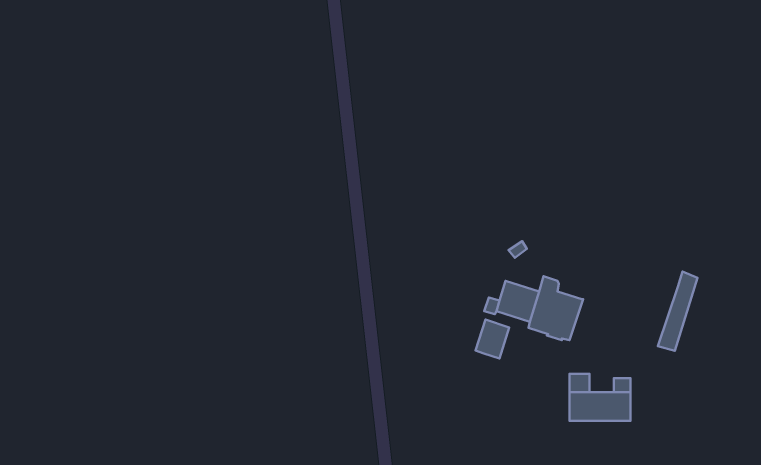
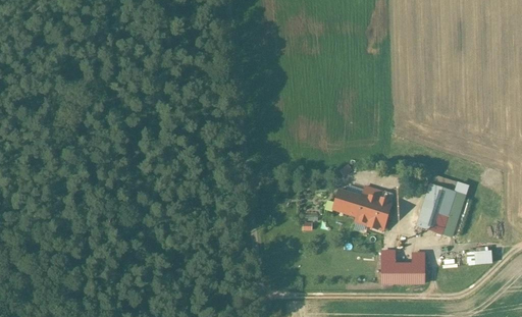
building: none -> [417,184,455,232]
building: [476,319,509,359] -> none

